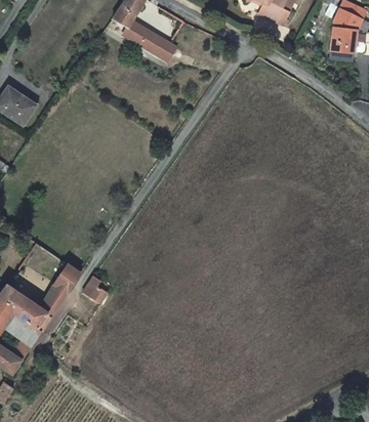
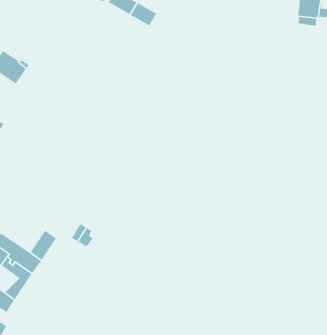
building: [54,263,81,292] -> none

